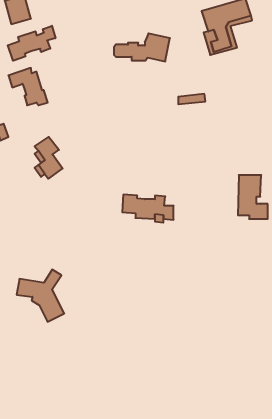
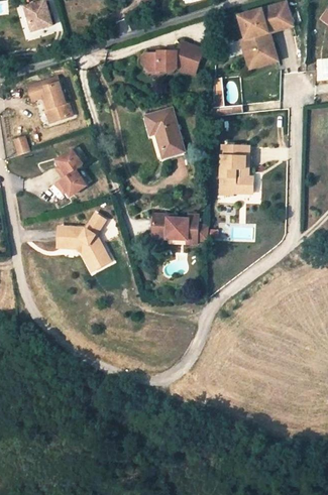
building: [8,26,55,61] -> none
building: none -> [145,108,184,155]
building: [238,175,268,219] -> [220,146,252,194]
building: [17,270,64,322] -> [57,214,108,270]

